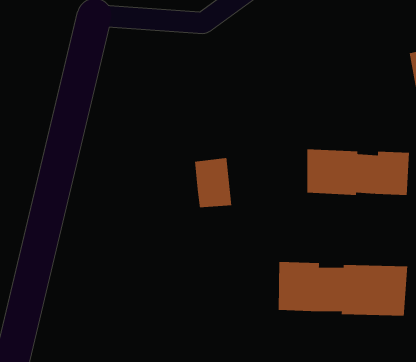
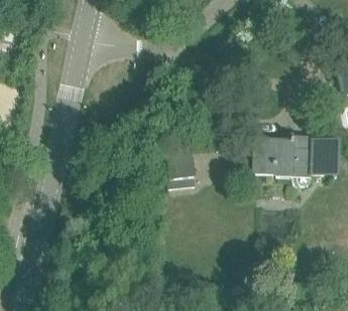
building: [278,261,408,316] -> none

